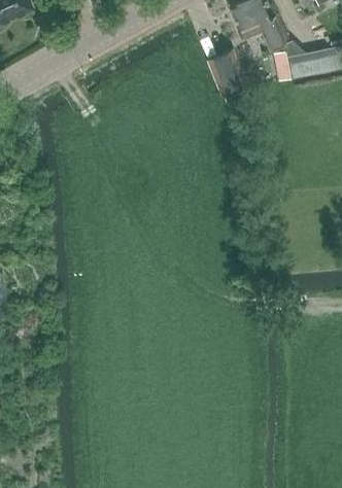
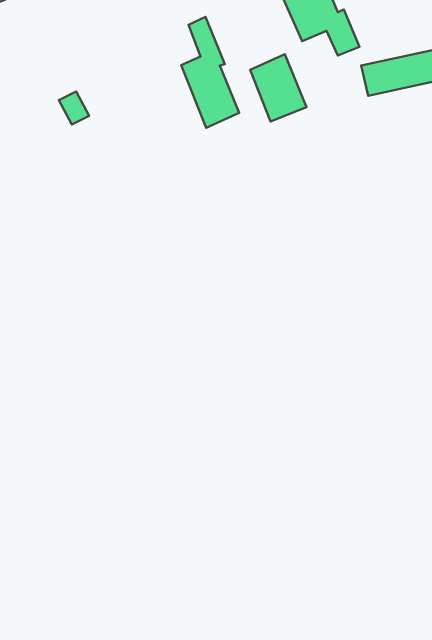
building: none -> [181,17,239,128]

